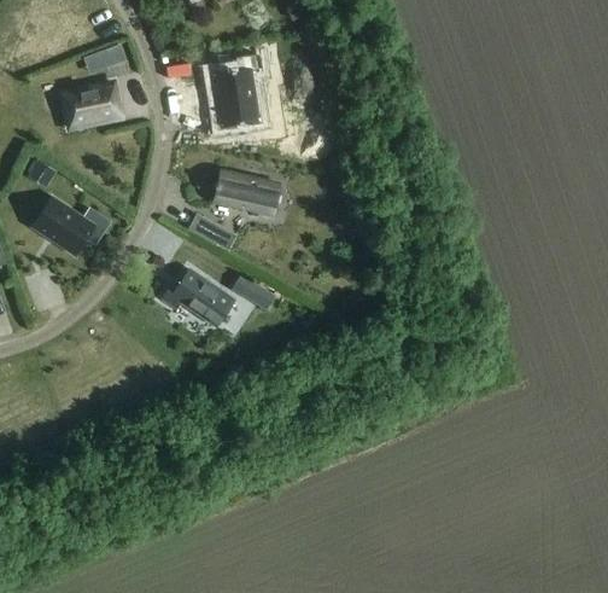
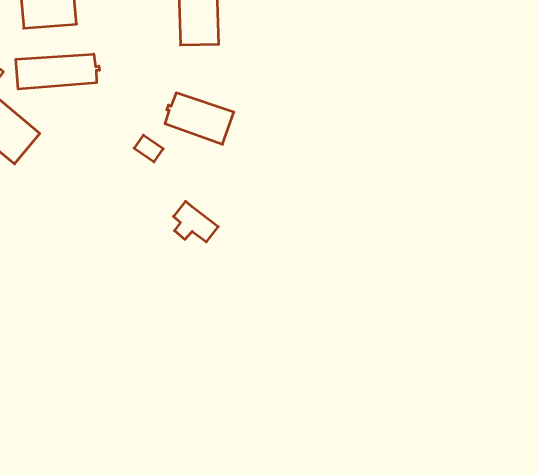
building: none -> [16,54,99,89]
building: [164,269,236,326] -> none

